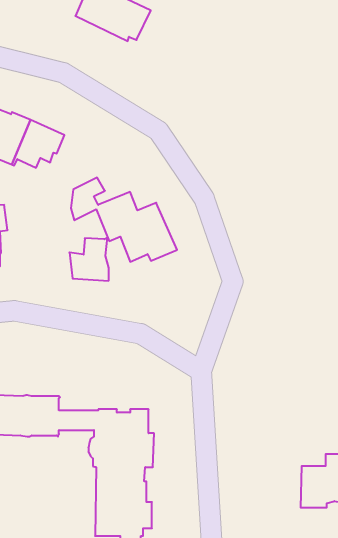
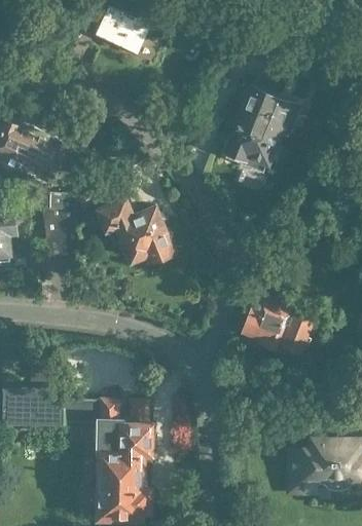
building: none -> [223,72,299,173]
building: [69,237,109,281] -> [40,193,77,234]
building: none -> [243,296,315,352]

